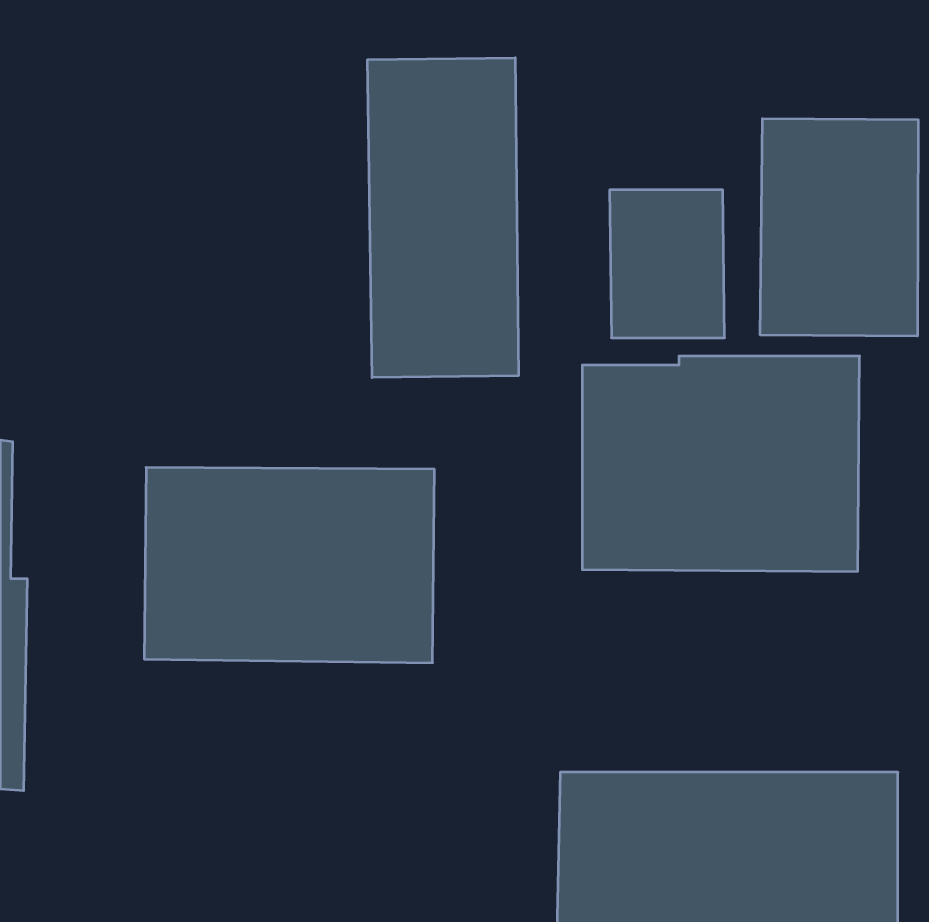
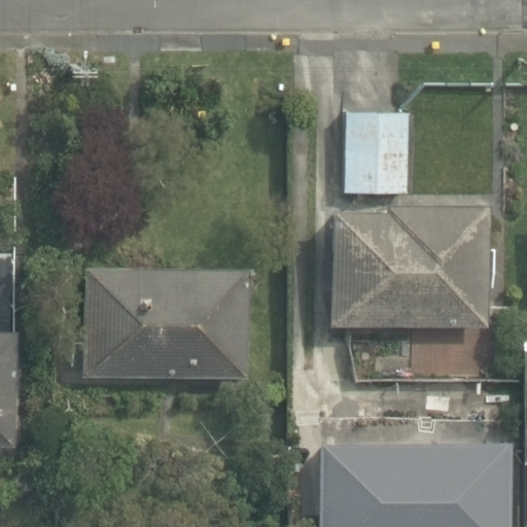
building: [368,58,518,378] -> none
building: [760,119,918,336] -> none

